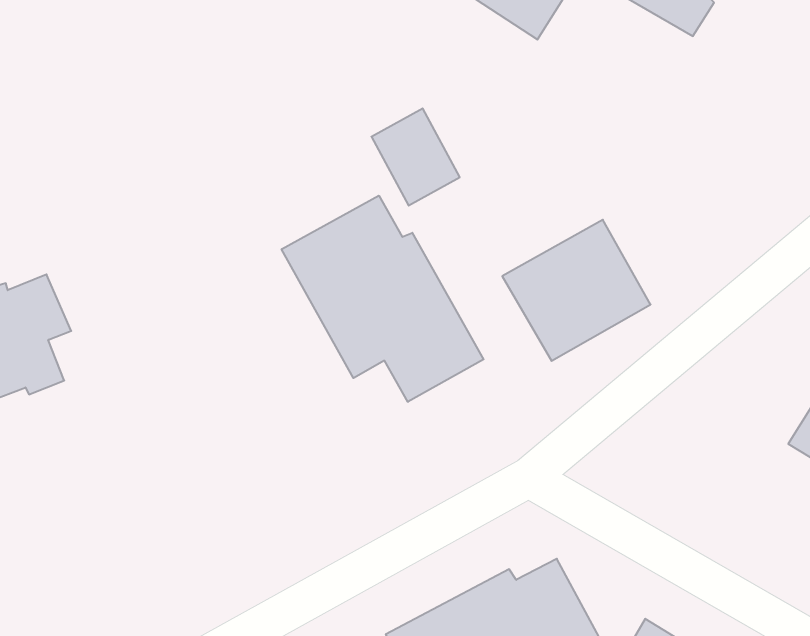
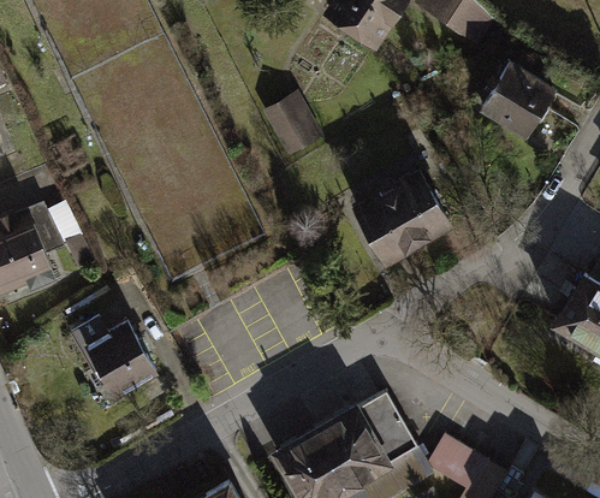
building: none -> [476,60,554,138]
building: [282,196,484,402] -> none
building: none -> [70,320,154,397]

